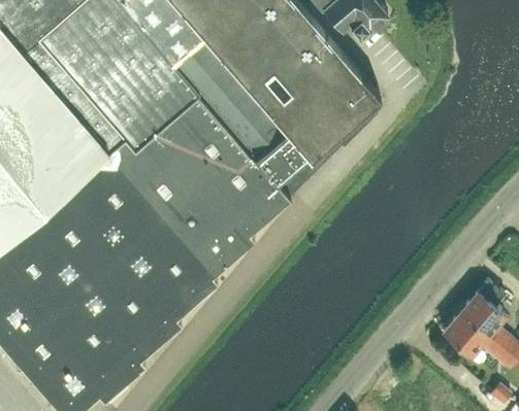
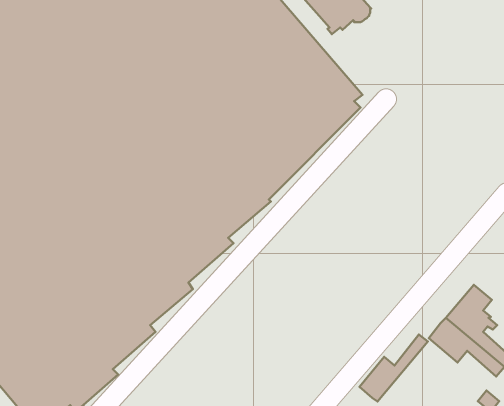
building: none -> [360,334,428,402]

